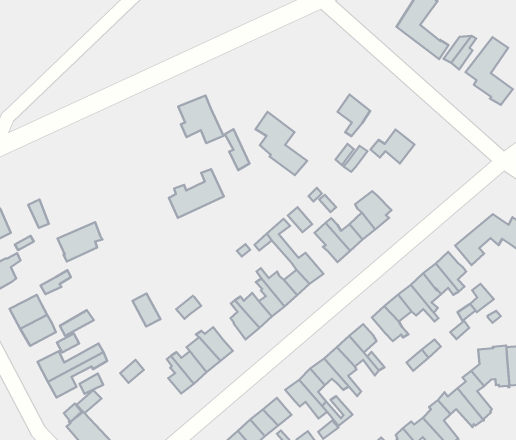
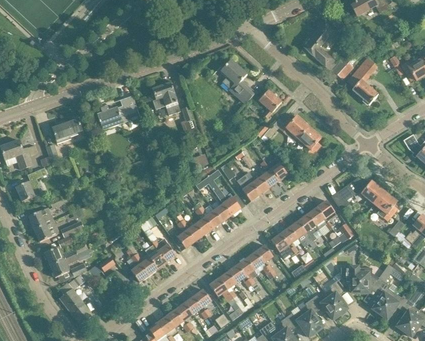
building: [256,112,307,175] -> [221,59,254,103]
building: none -> [298,126,323,159]
building: [169,169,224,218] -> [97,97,134,128]
building: [58,222,102,262] -> [52,118,82,143]

